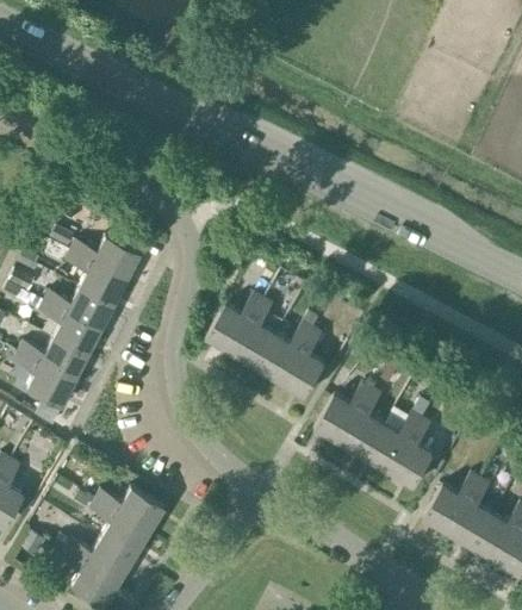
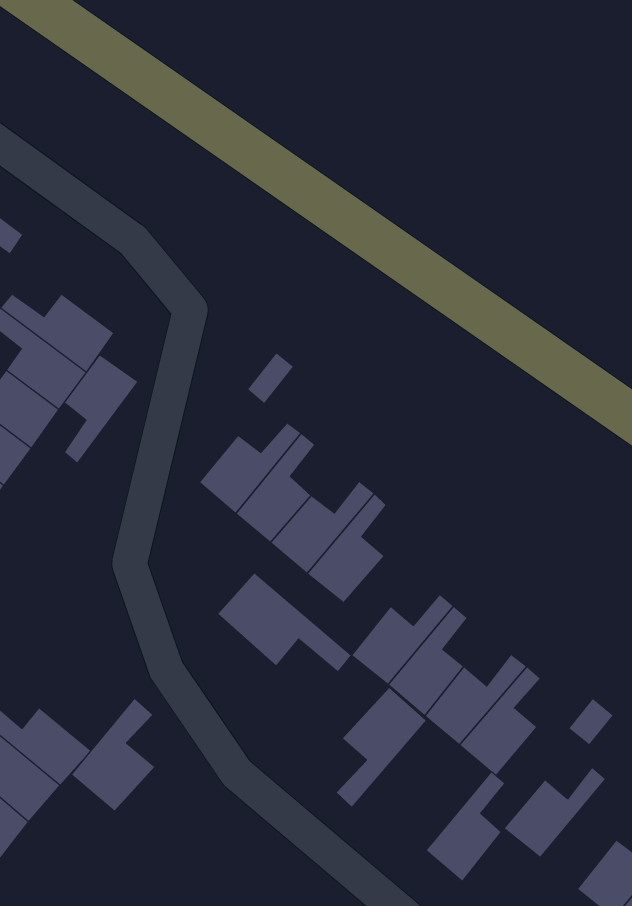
building: none -> [64,354,138,463]
building: none -> [218,572,352,672]
building: none -> [336,687,426,808]
building: none -> [71,698,155,811]
building: [450,475,495,544] -> [426,772,505,881]

